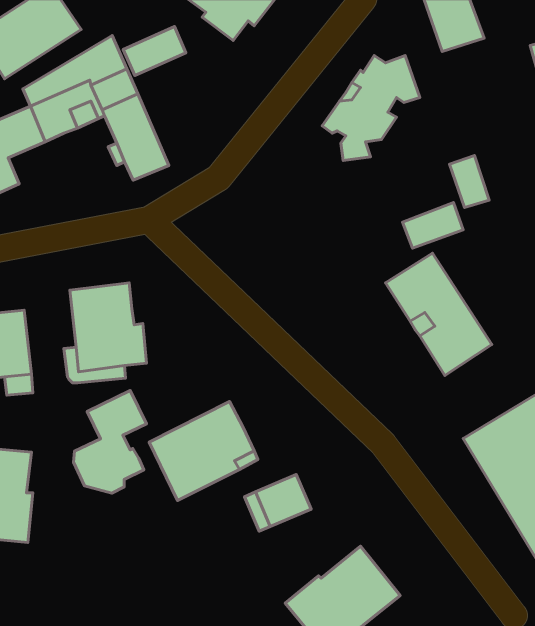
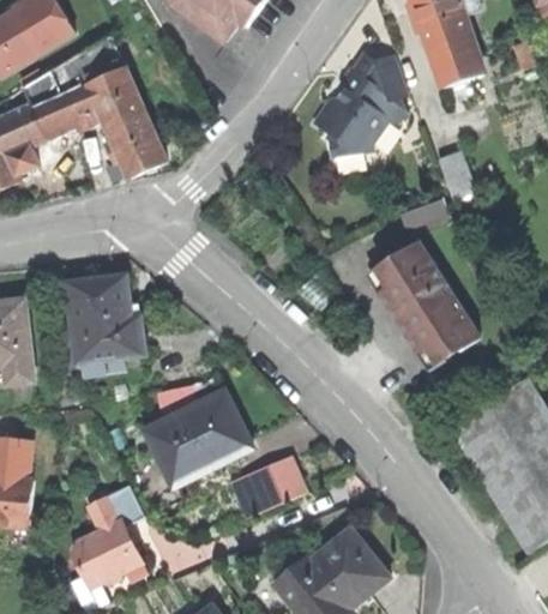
building: [123,27,186,76] -> none
building: none -> [429,37,482,88]
building: [73,391,146,493] -> [73,484,144,584]

